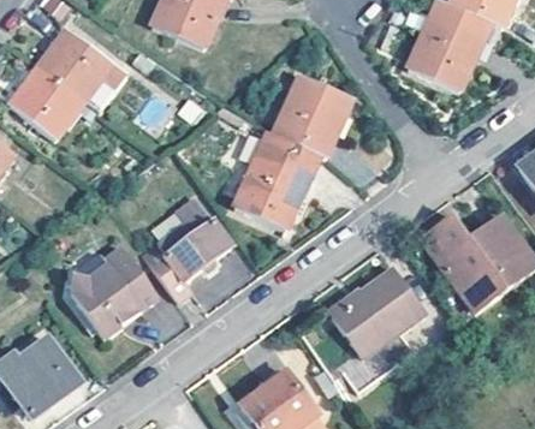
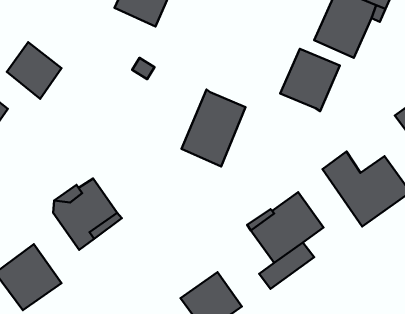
building: [40,32,125,112] -> none
building: [275,76,352,156] -> [280,49,340,111]
building: [148,190,236,298] -> none

